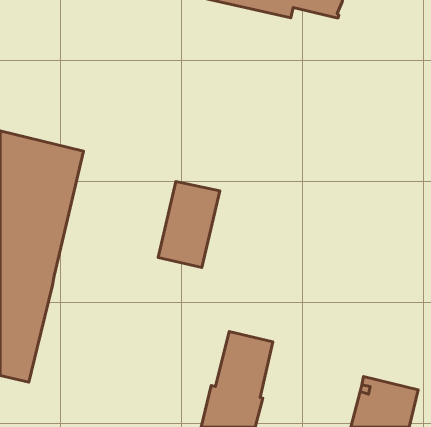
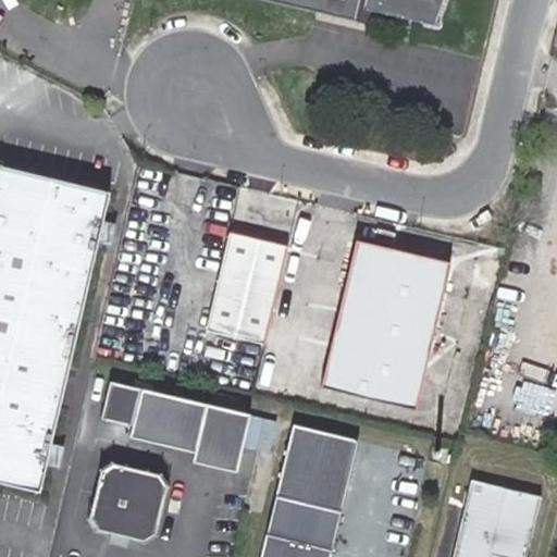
building: none -> [317,238,449,409]
building: none -> [106,379,249,467]
building: none -> [87,466,164,539]

